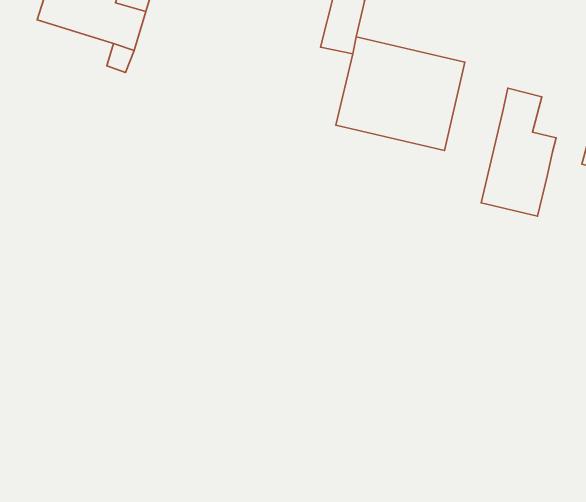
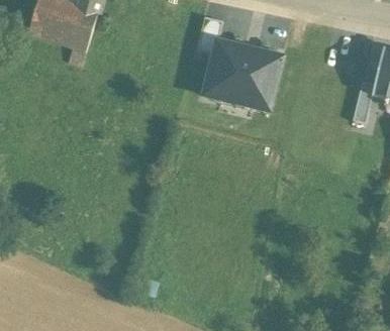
building: [481,88,556,216] -> none

